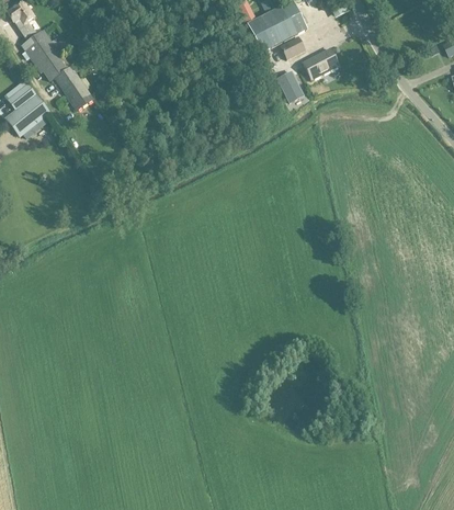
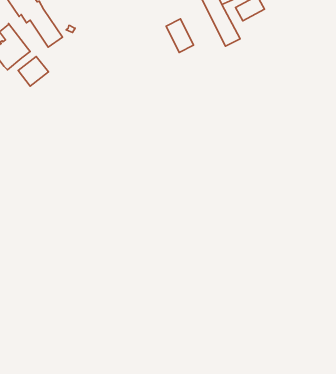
building: none -> [166,19,194,52]
building: none -> [18,57,48,86]

